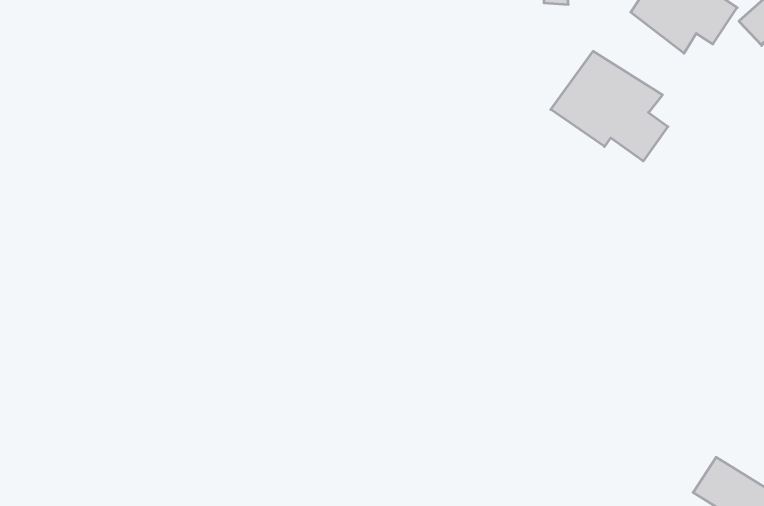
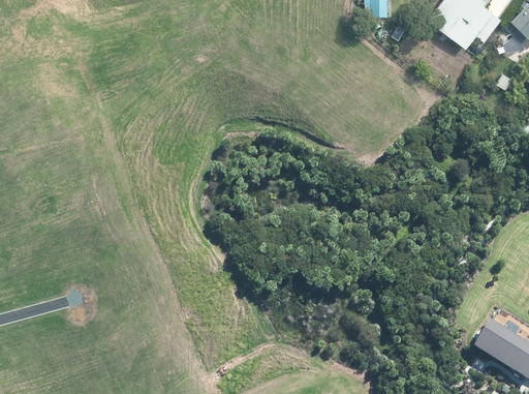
building: [551,51,668,161] -> none

